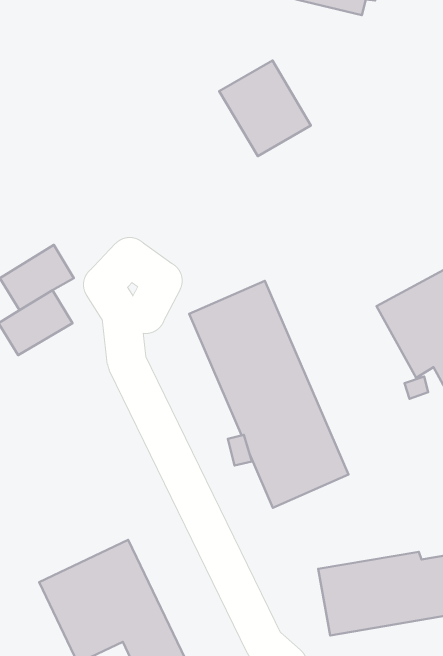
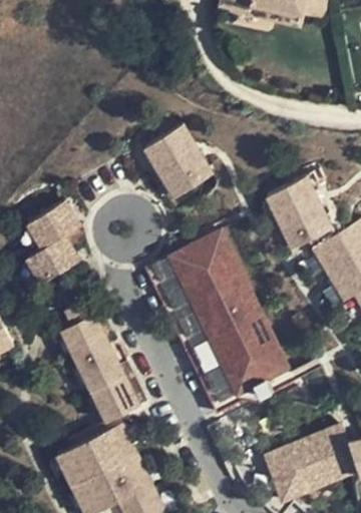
building: [219,61,311,156] -> [143,125,213,197]
building: none -> [265,174,333,248]
building: none -> [60,315,139,422]

